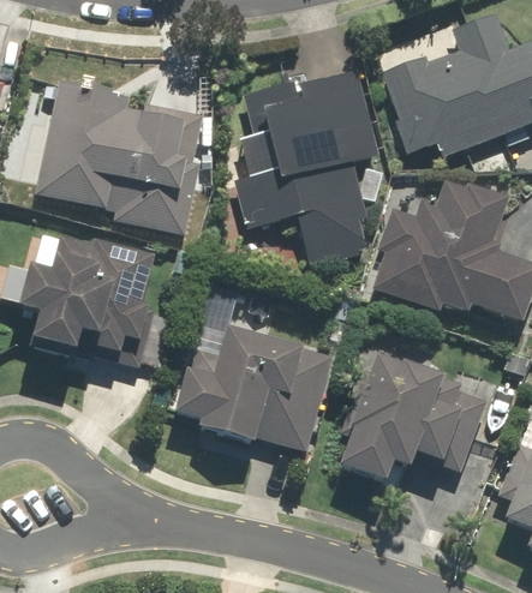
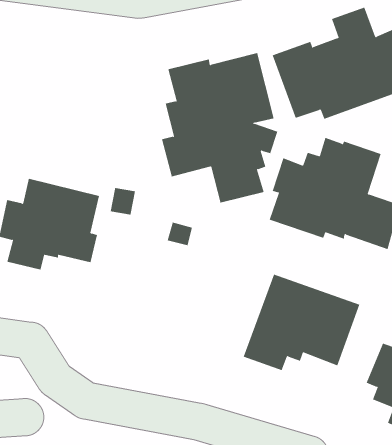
building: [36,79,201,233] -> none
building: [174,325,333,450] -> none

